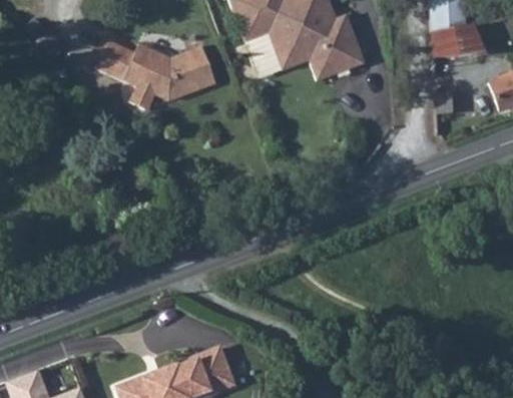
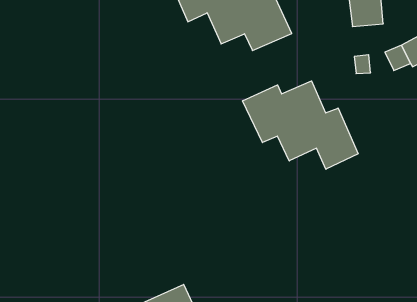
building: [97,42,216,111] -> none
building: none -> [243,81,358,169]

